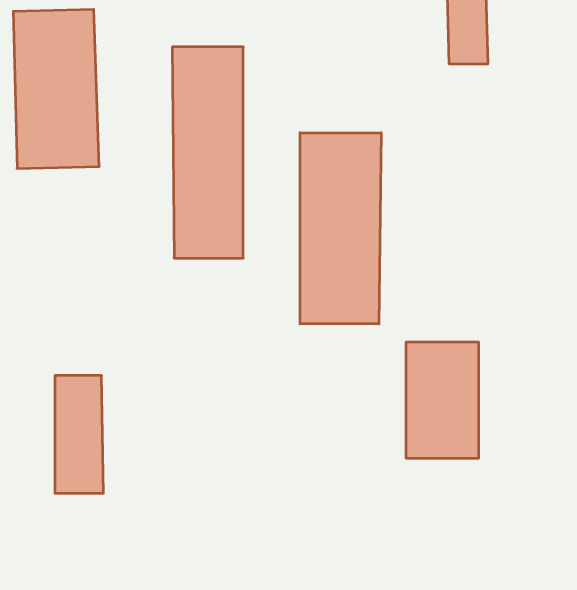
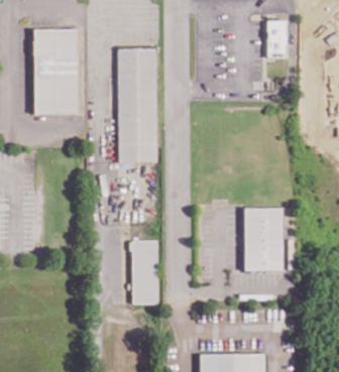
building: [300,133,381,324] -> none
building: [55,376,103,493] -> [132,241,158,304]

